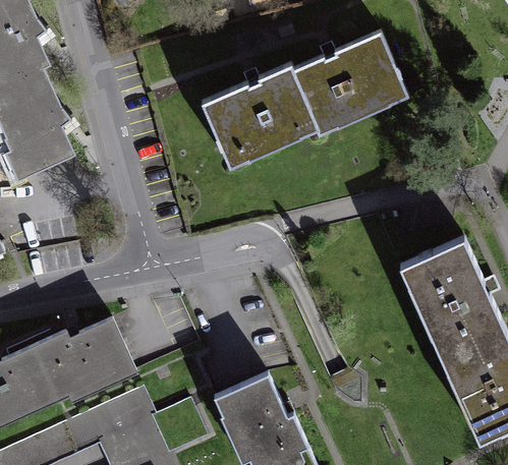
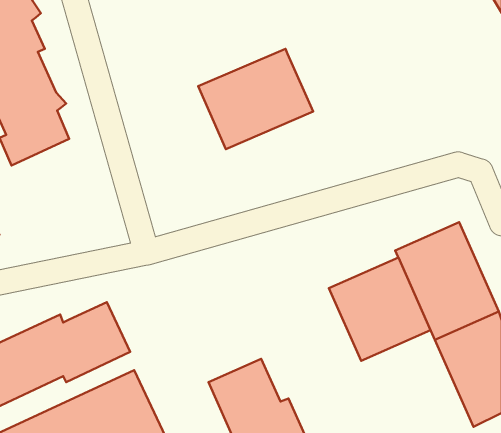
building: [292,32,408,133] -> none
building: none -> [329,257,431,361]

